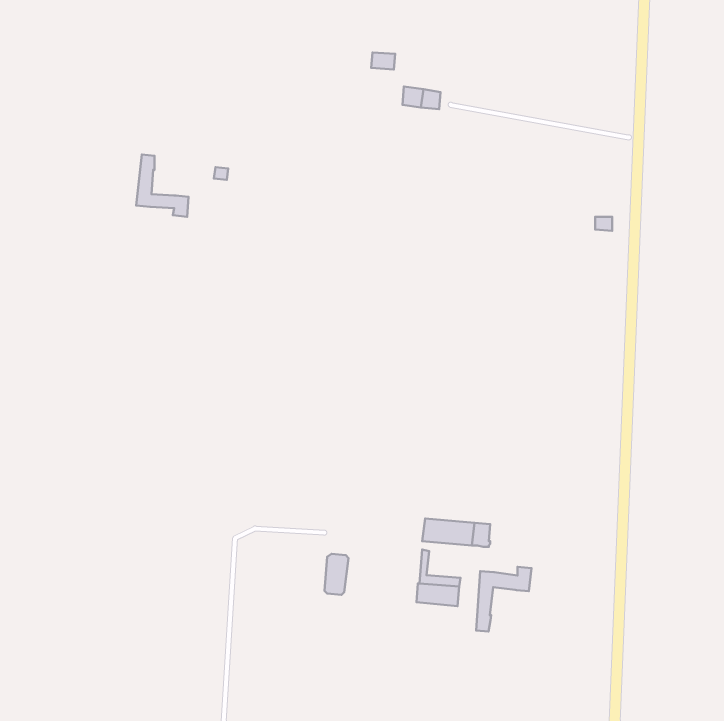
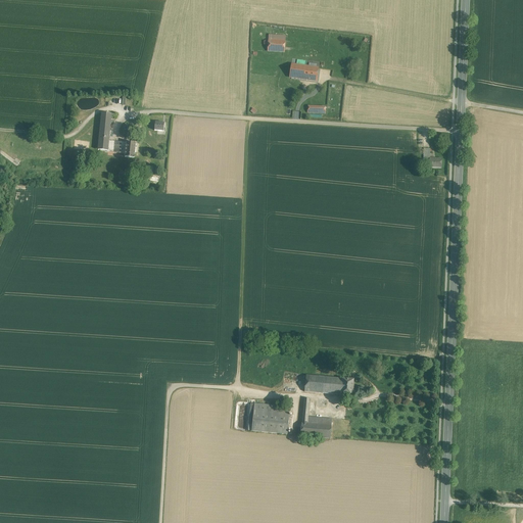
building: none -> [251,401,292,432]
building: [476,567,531,632] -> none

